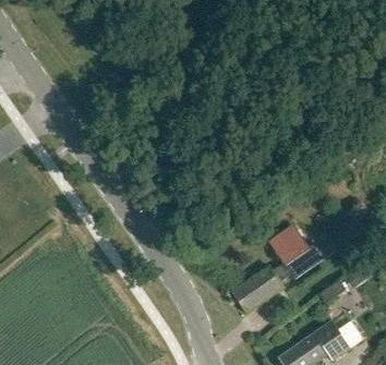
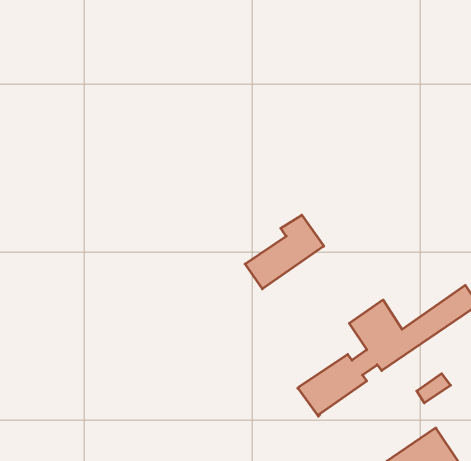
building: none -> [245,215,324,289]

